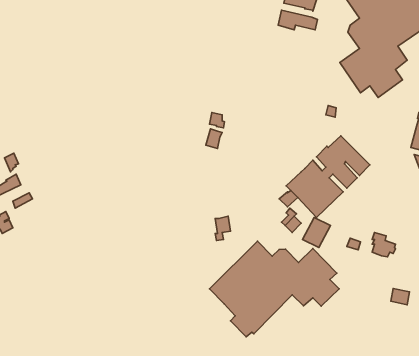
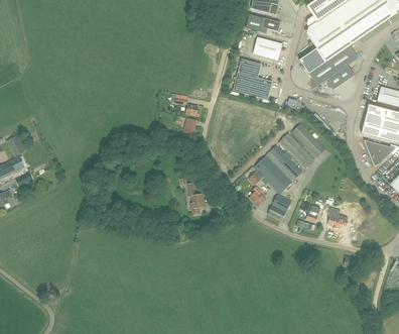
building: none -> [253,35,282,59]
building: none -> [233,58,272,98]
building: [209,241,339,337] -> none

